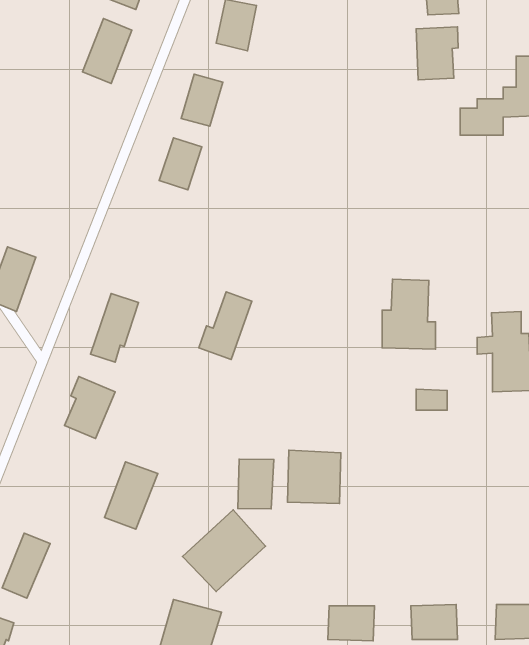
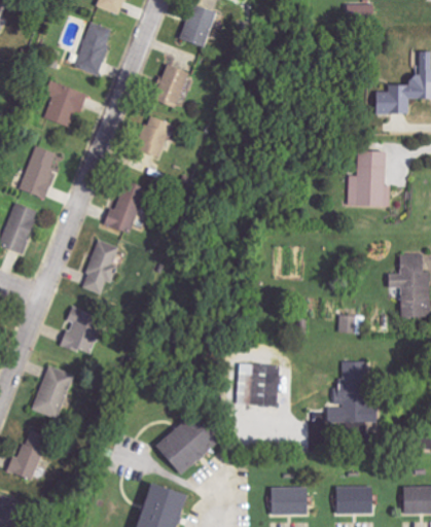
building: [416,27,458,80] -> none
building: none -> [45,80,86,126]
building: none -> [21,145,59,198]
building: [382,279,435,349] -> [349,150,391,206]
building: [199,292,252,359] -> [103,180,145,234]
building: none -> [328,361,378,421]
building: [238,459,274,509] -> none
building: [105,462,158,529] -> [32,365,74,419]

